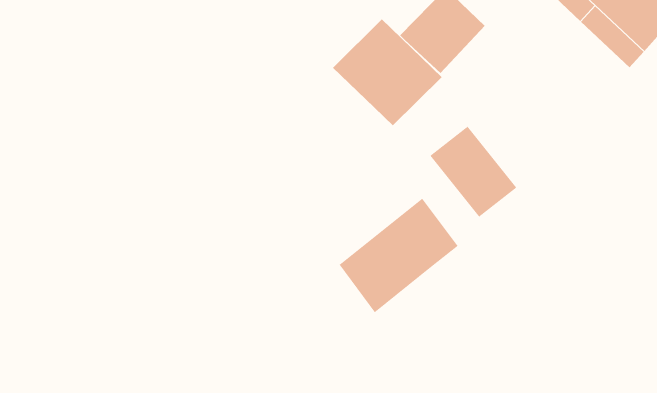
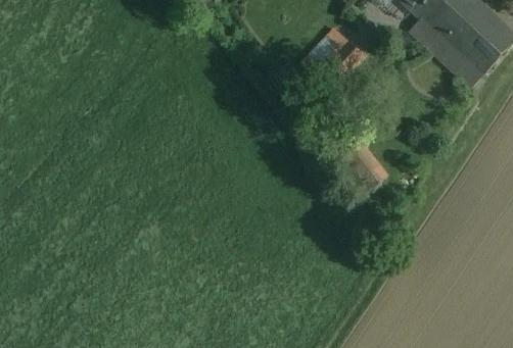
building: [332,19,442,126] -> none
building: [339,198,458,313] -> none

